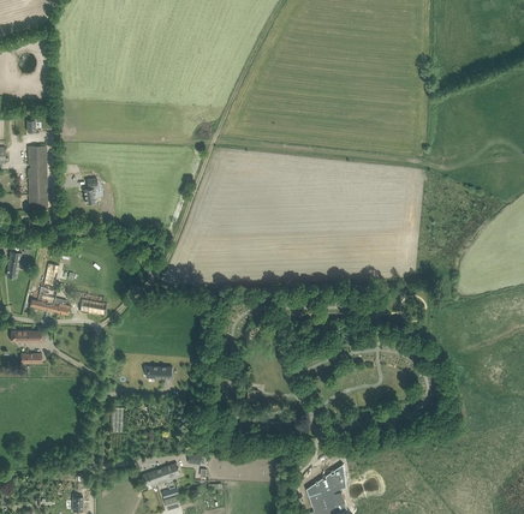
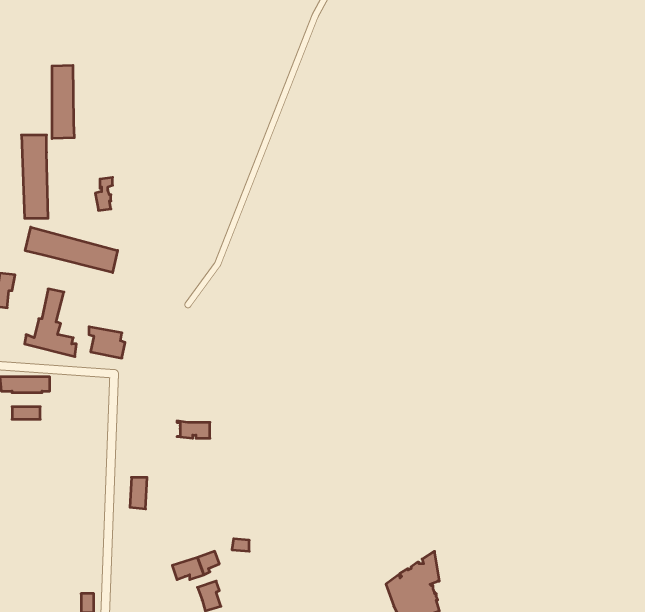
building: none -> [52,65,74,139]
building: none -> [25,227,118,273]

